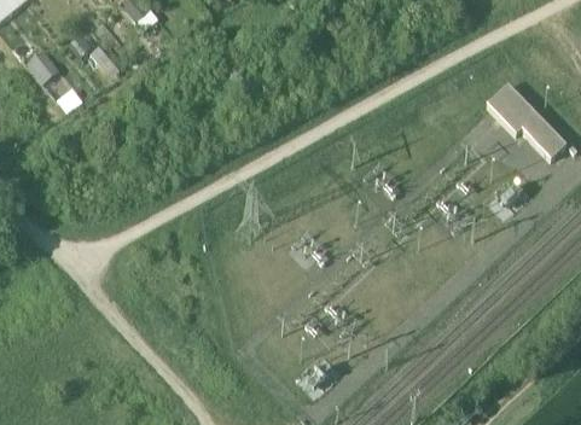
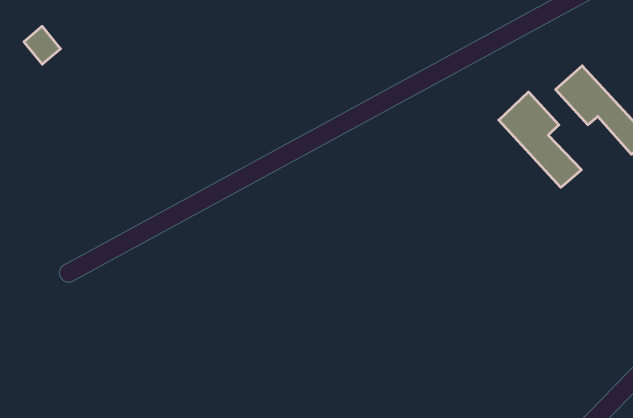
building: none -> [499,92,581,187]

